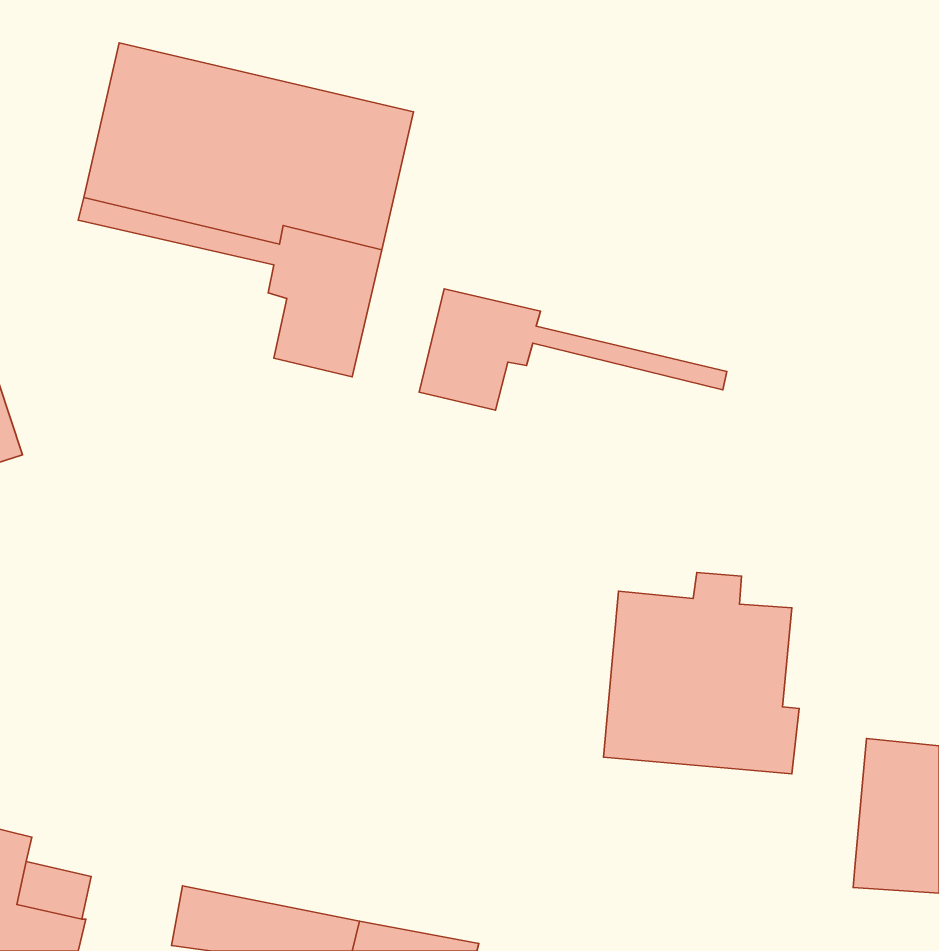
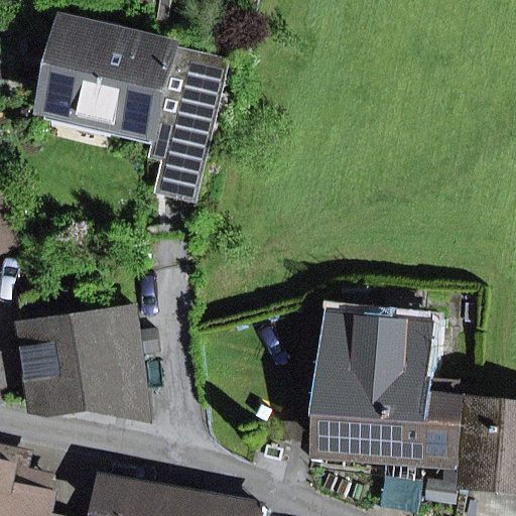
building: [419,289,727,410] -> none
building: none -> [17,284,145,422]
building: none -> [322,383,469,467]

